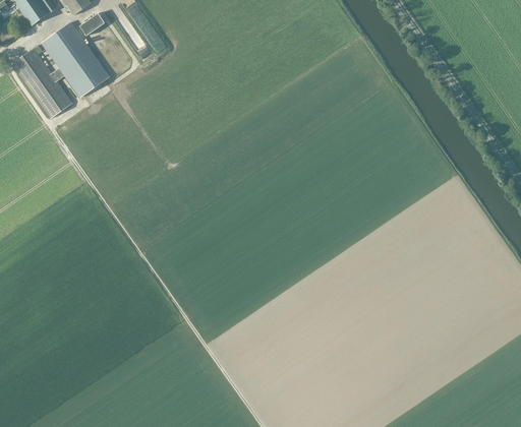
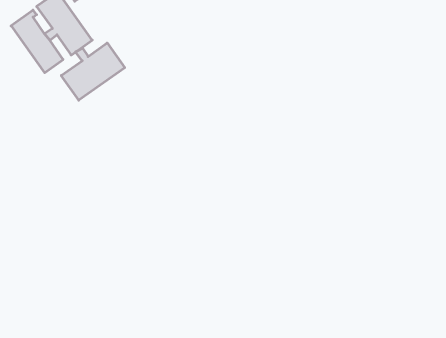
building: none -> [61,43,125,100]

